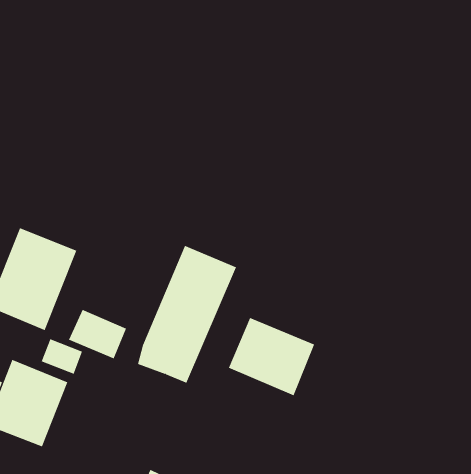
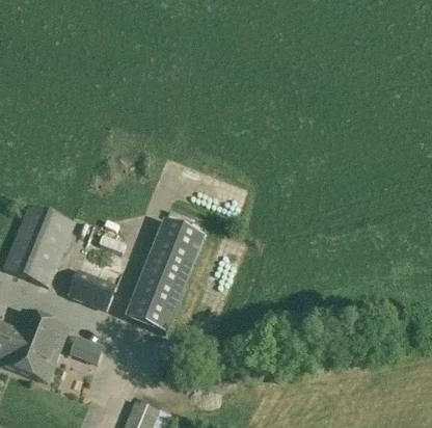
building: [228,317,315,396] -> none
building: [41,339,83,374] -> [70,335,104,364]

